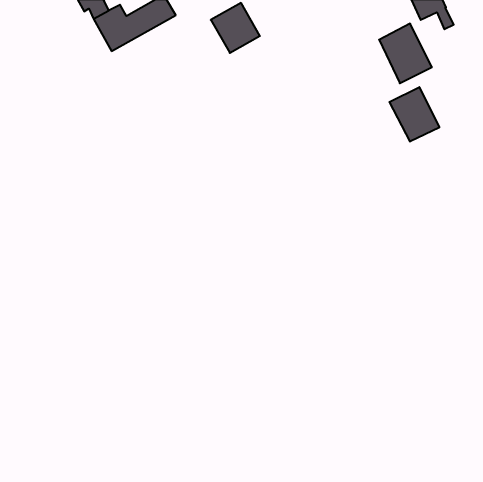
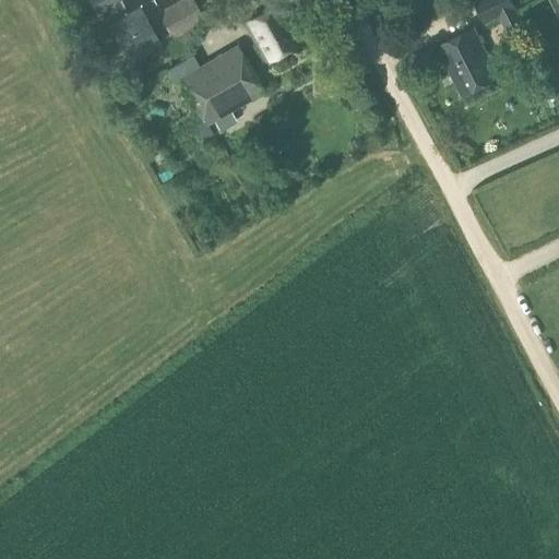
building: none -> [179,44,264,139]
building: [389,87,439,142] -> none

